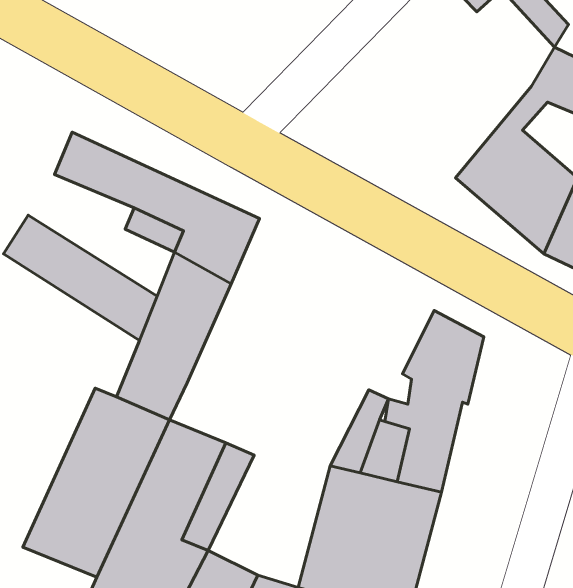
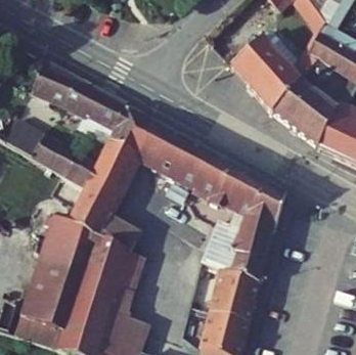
building: none -> [225,31,310,104]
building: none -> [136,128,254,218]
building: none -> [100,223,143,258]

